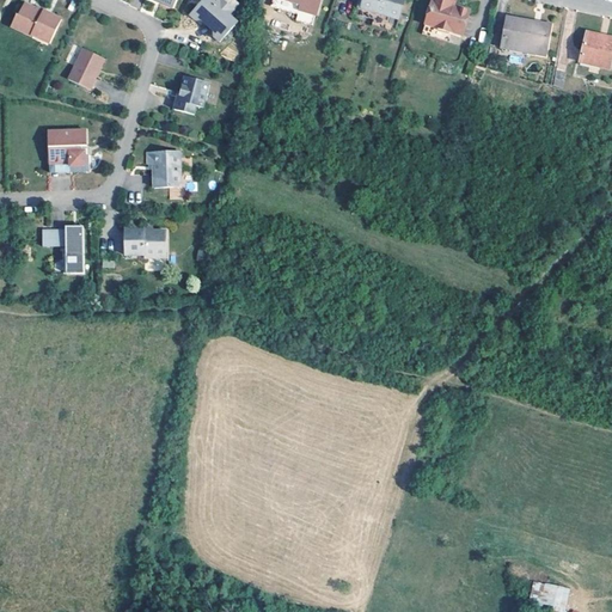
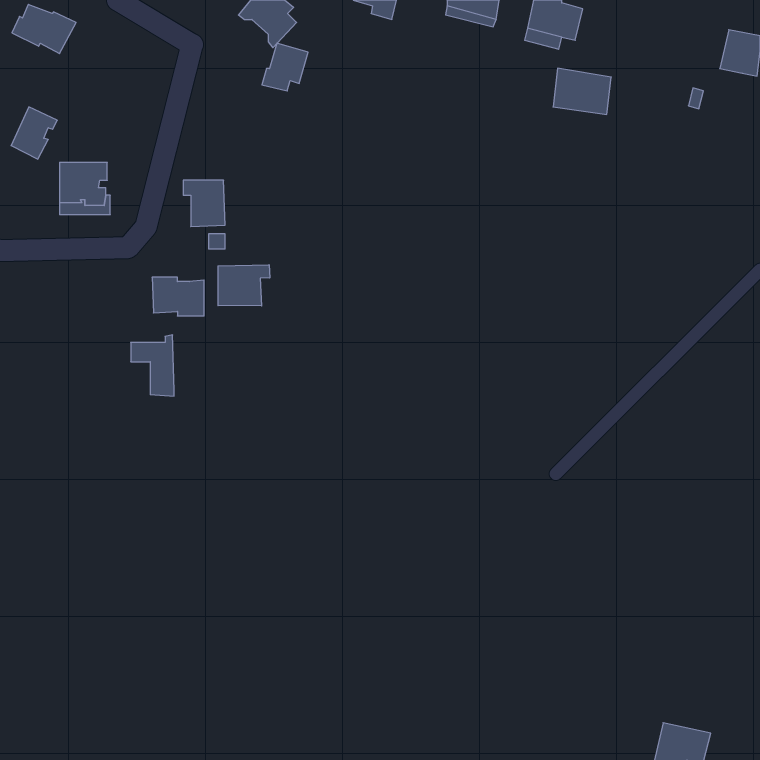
building: [501,13,547,50] -> [553,68,611,114]
building: [68,49,105,91] -> [11,107,57,159]
building: [172,76,209,115] -> [262,43,308,91]
building: none -> [218,265,270,306]
building: [47,221,81,270] -> [131,335,174,396]

